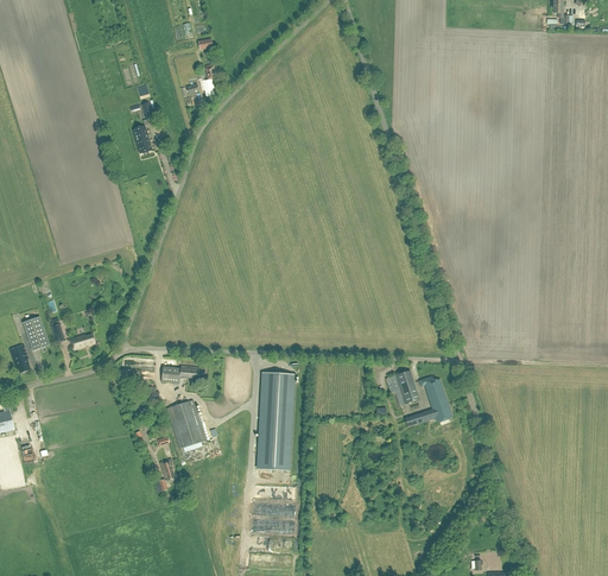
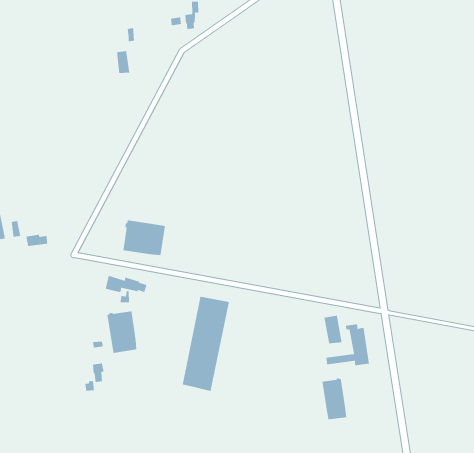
building: none -> [122,219,166,256]
building: none -> [321,377,347,420]

